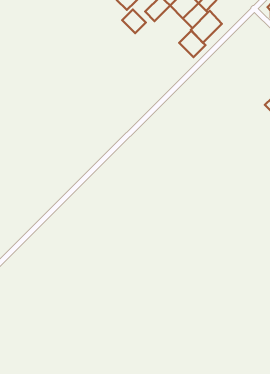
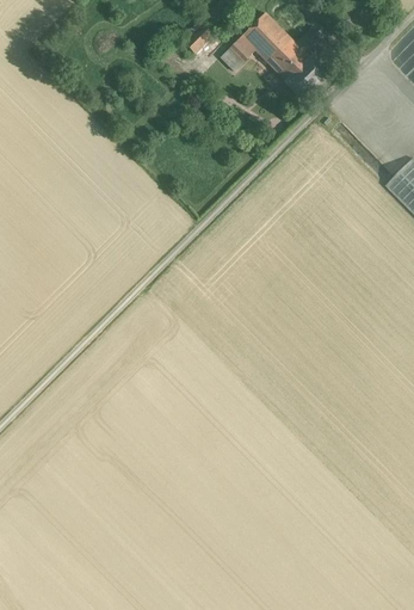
building: [122,10,146,33] -> none
building: [179,31,205,57] -> none

